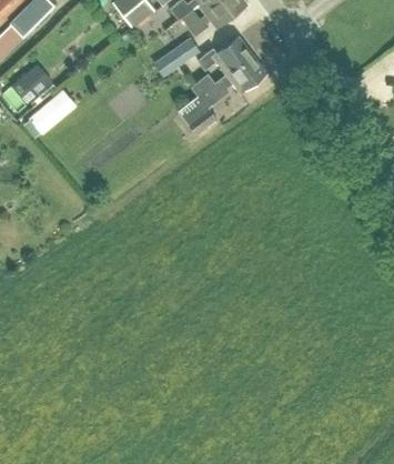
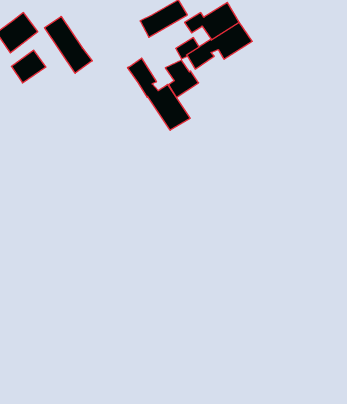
building: none -> [45,16,92,73]
building: none -> [128,58,190,130]

